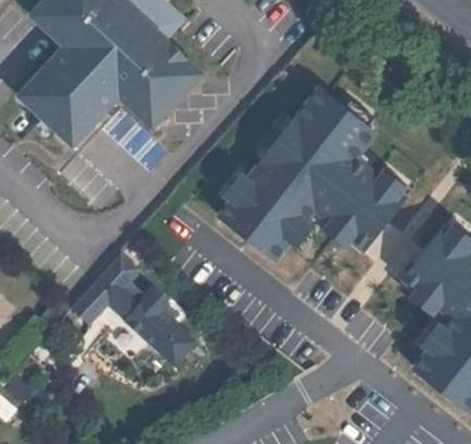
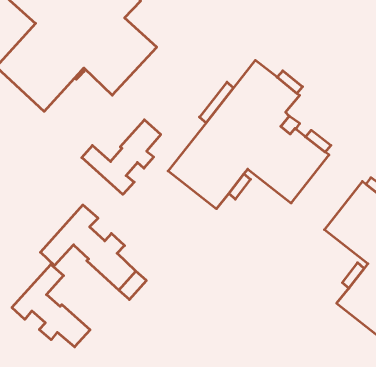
building: none -> [82,120,161,194]
building: none -> [12,264,90,347]

